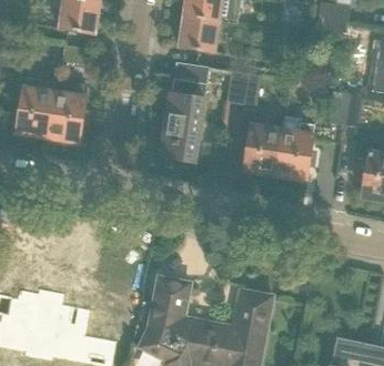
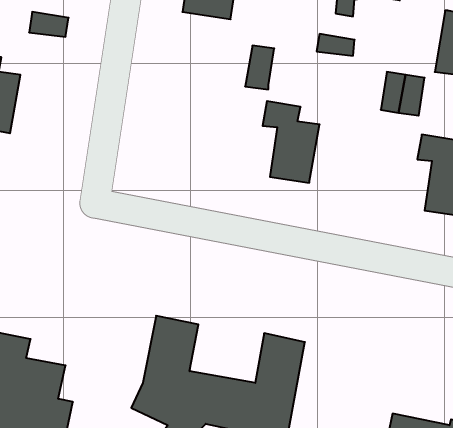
building: [161,62,209,162] -> none
building: [47,85,85,142] -> none
building: [274,122,314,180] -> none

